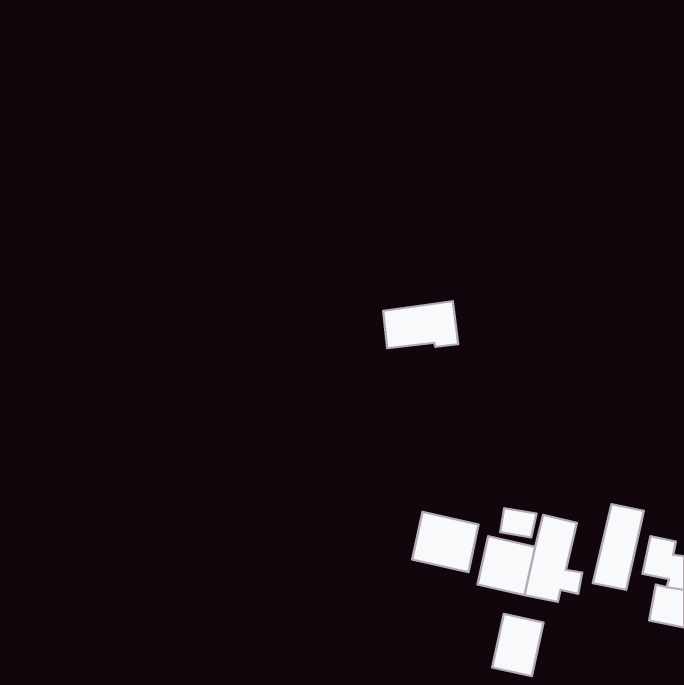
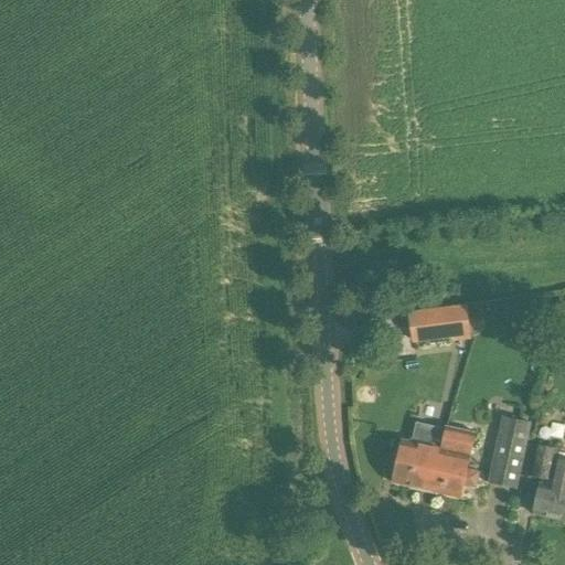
building: [383,301,458,348] -> [407,305,469,343]
building: [412,512,479,572] -> none
building: [492,614,544,676] -> none

